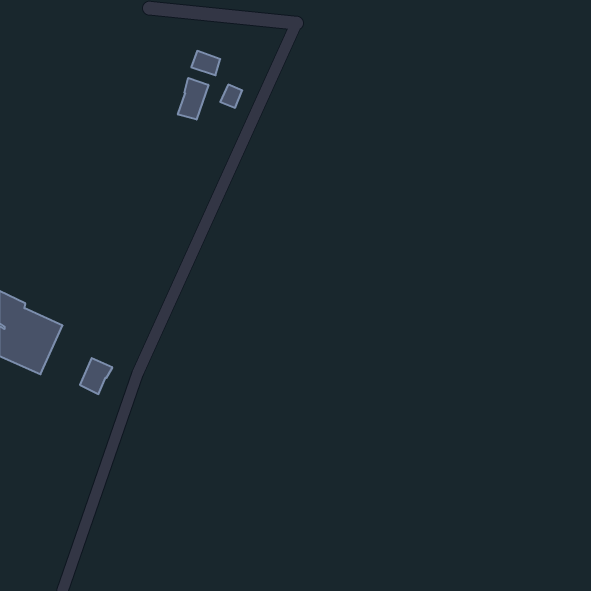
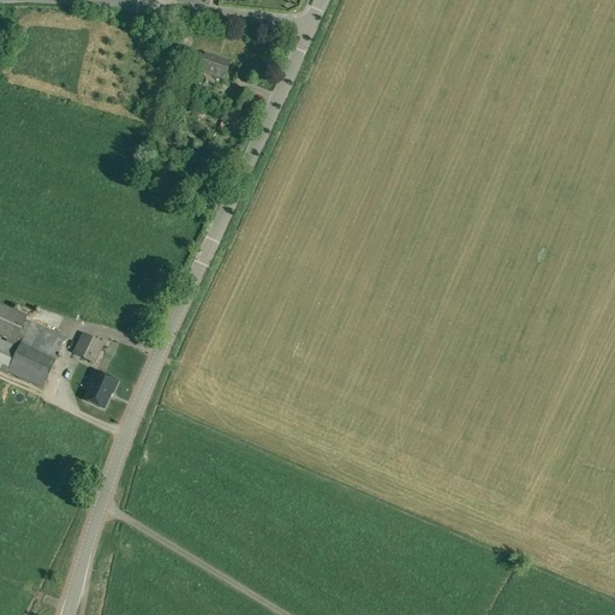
building: [178,78,208,120] -> none
building: none -> [71,332,103,364]

